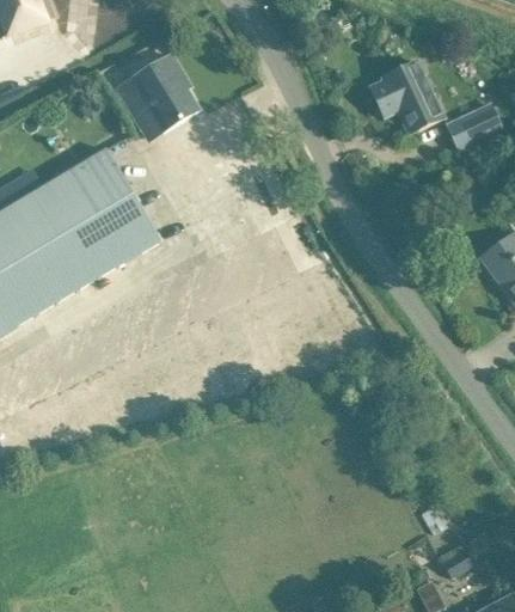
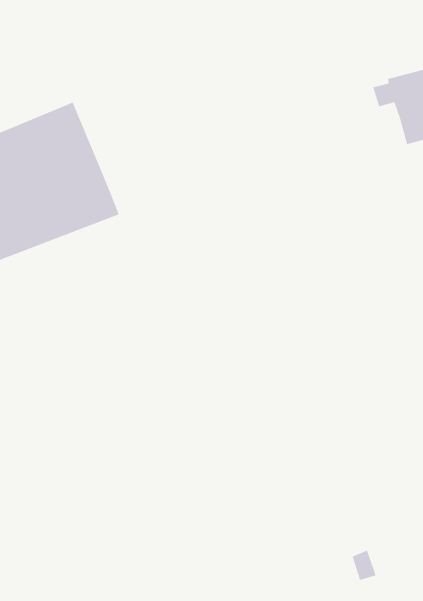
building: [131,54,198,130] -> none

